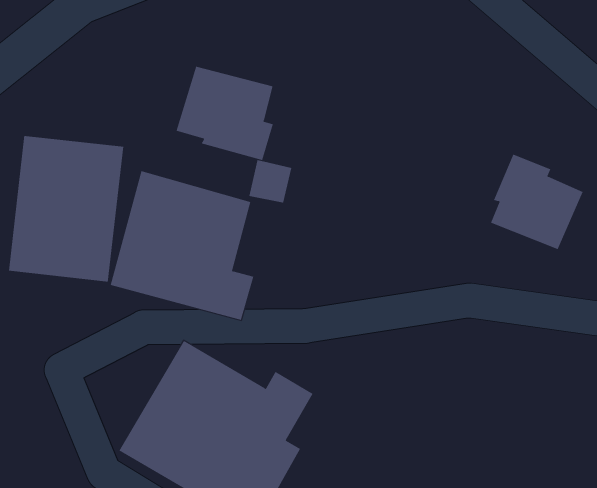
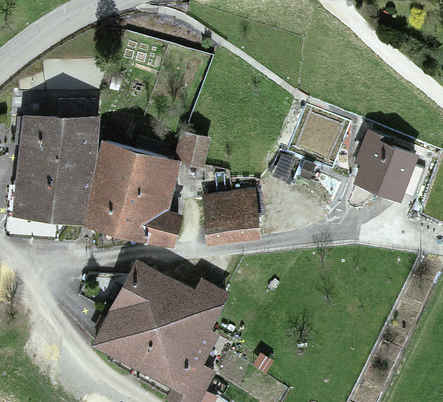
building: [176,66,273,161] -> none
building: none -> [205,192,260,242]

